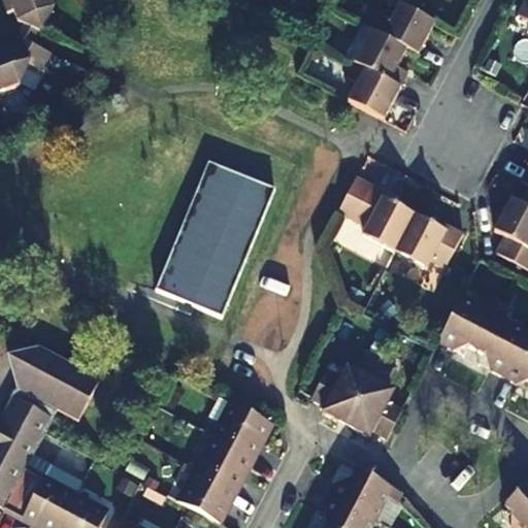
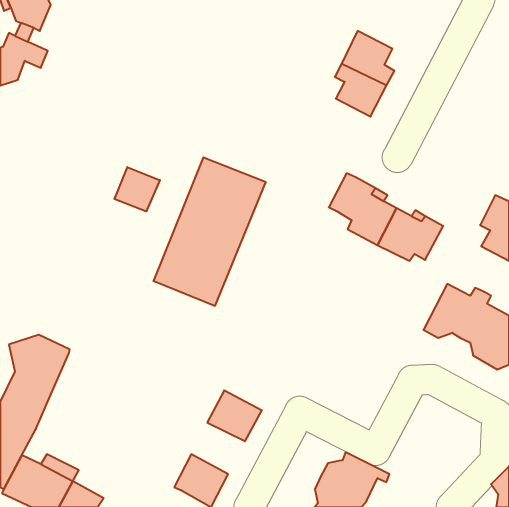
building: [370,5,434,56] -> none
building: none -> [114,167,160,211]
building: [311,353,404,439] -> none
building: [53,366,99,421] -> none
building: [198,437,254,491] -> none

